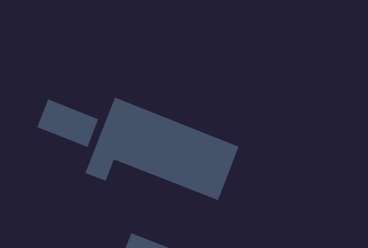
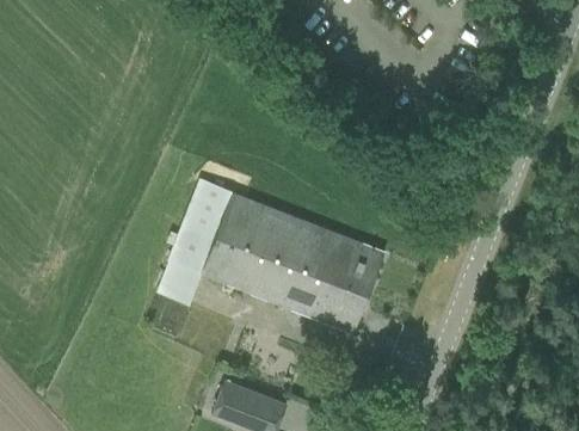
building: [37,99,99,148] -> none

